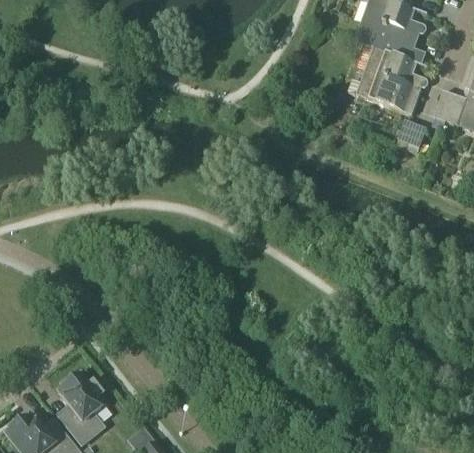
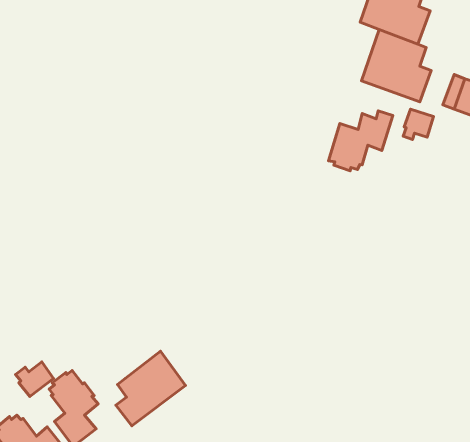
building: none -> [328,111,393,171]
building: none -> [116,351,185,426]
building: none -> [15,362,54,396]

